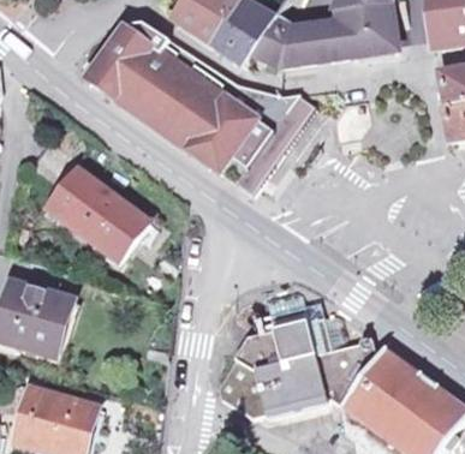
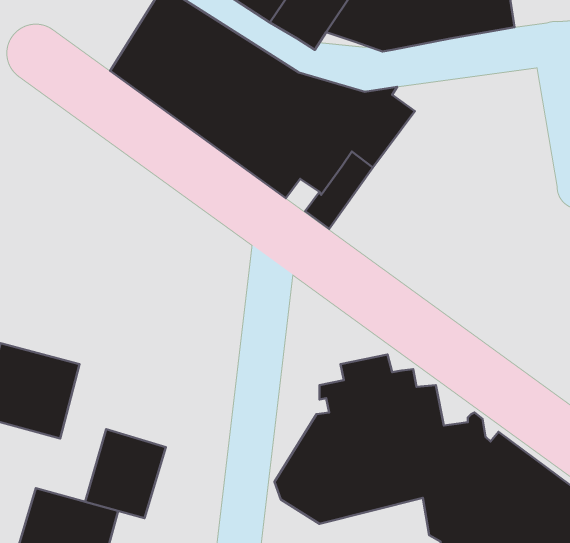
building: [49,169,147,257] -> none
building: none -> [85,429,166,518]

